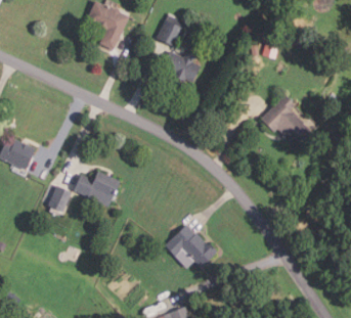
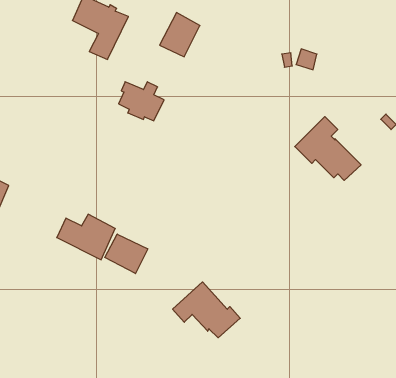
building: [164,51,200,82] -> [119,82,164,121]
building: [46,185,71,212] -> none
building: none -> [105,234,148,274]

